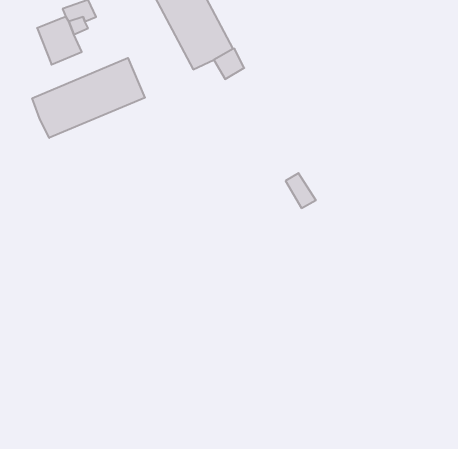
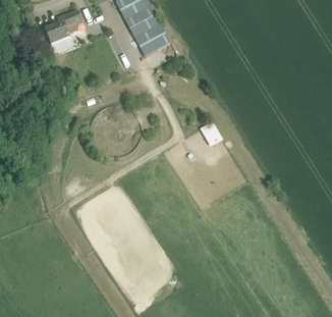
building: [32,58,145,138] -> none

